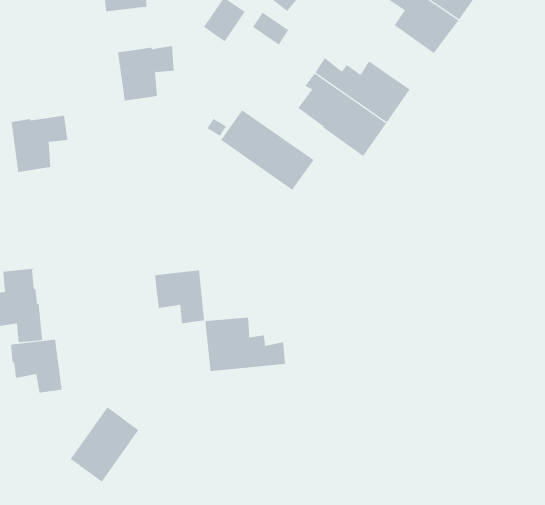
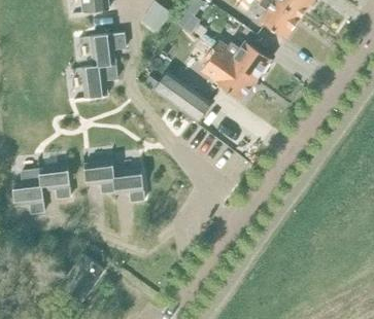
building: [11,115,68,172] -> [81,64,116,99]
building: none -> [83,162,114,193]
building: [205,317,286,372] -> none
building: [10,339,62,393] -> [38,167,70,200]

